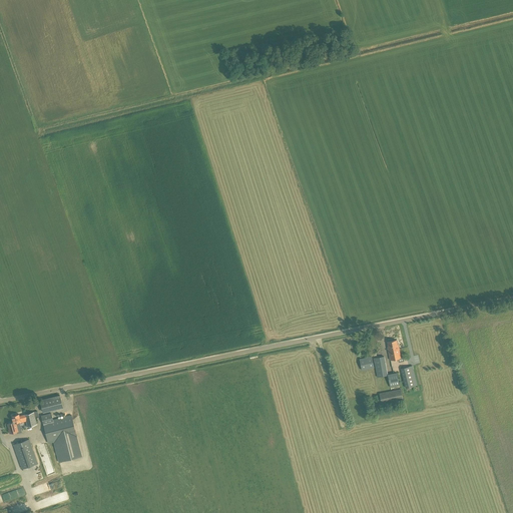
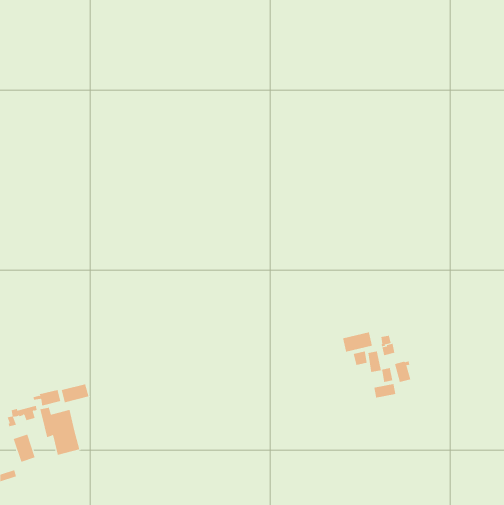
building: none -> [342,332,373,352]
building: none -> [61,383,89,403]

